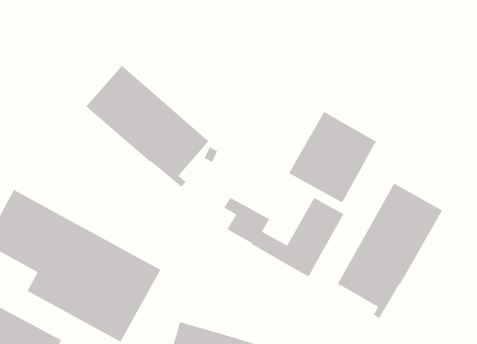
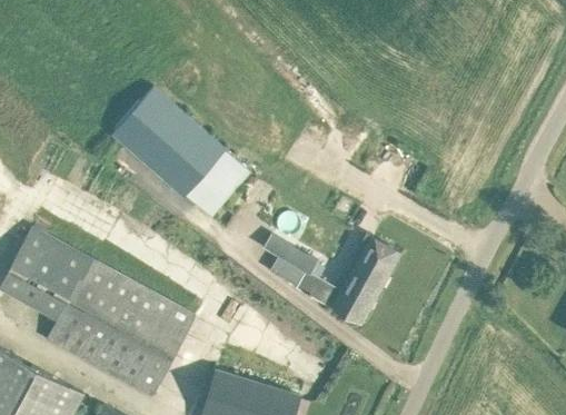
building: [288,111,377,203] -> none
building: [337,183,443,319] -> none

